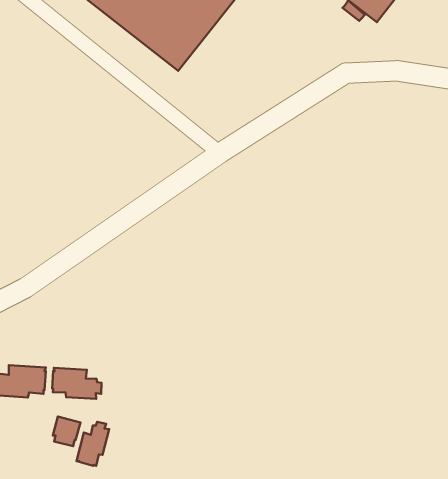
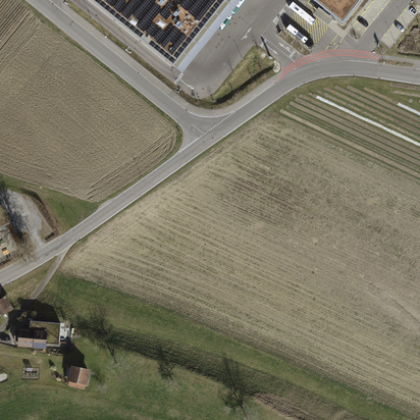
building: [52,368,101,399] -> none
building: [76,422,109,466] -> none

